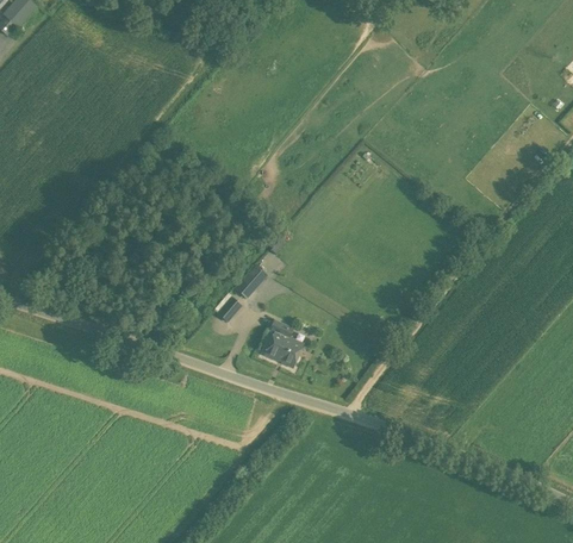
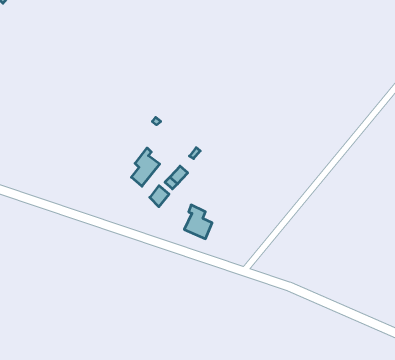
building: none -> [131,148,160,186]

